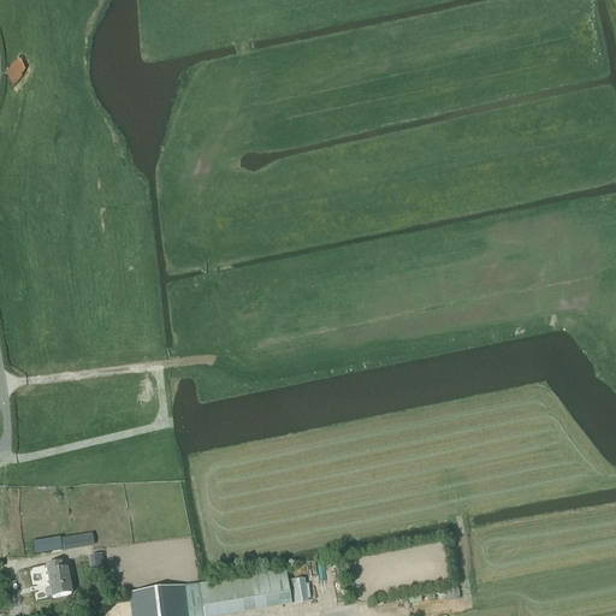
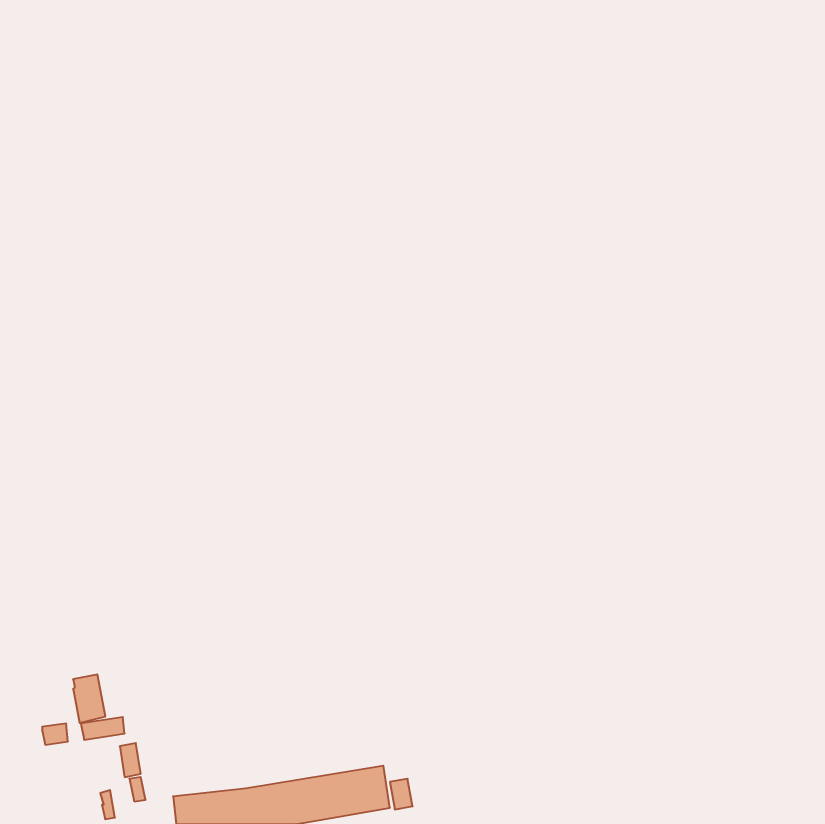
building: [47,561,71,597] -> [73,674,105,723]

